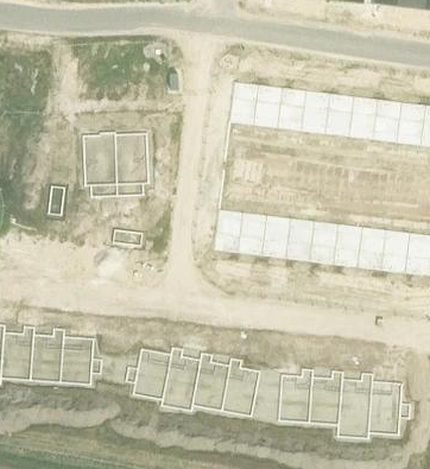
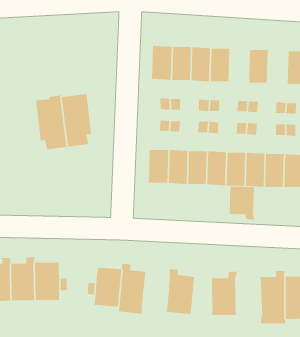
building: [324,91,353,137] -> none
building: [372,97,400,142] -> none
building: none -> [229,186,255,220]
building: [191,351,229,411] -> none
building: [308,370,343,425] -> none

